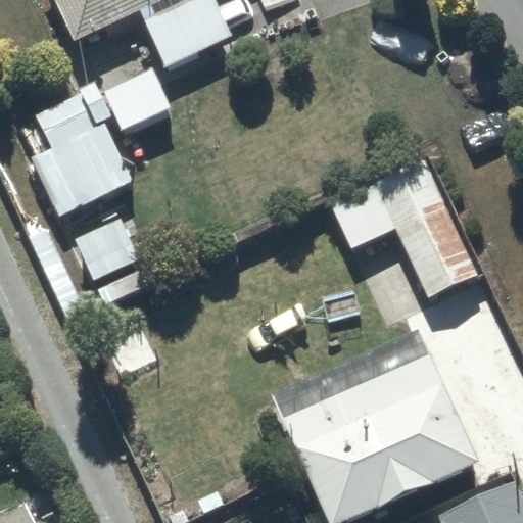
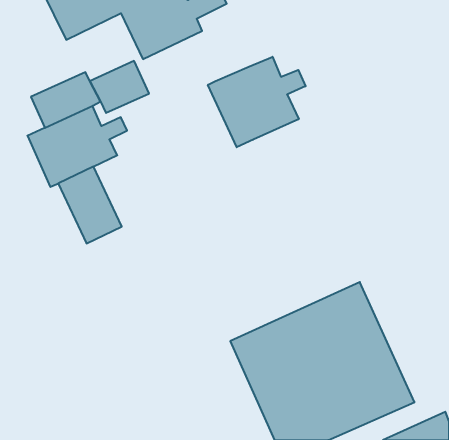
building: none -> [208,57,306,147]
building: [330,158,479,296] -> none

